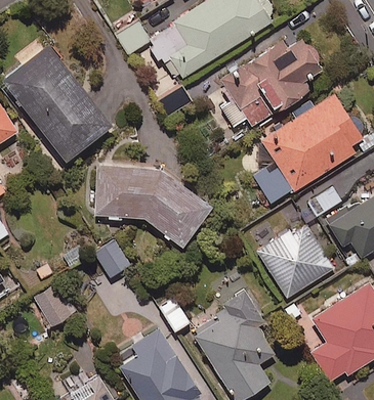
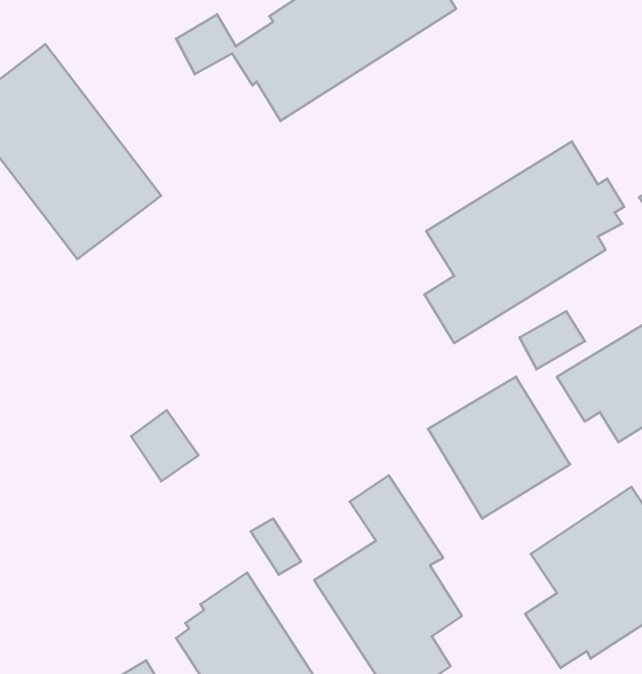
building: [200,29,322,134] -> none
building: [93,166,209,246] -> none
building: [34,287,73,328] -> none

